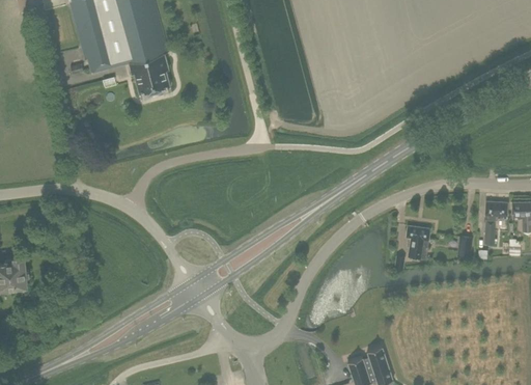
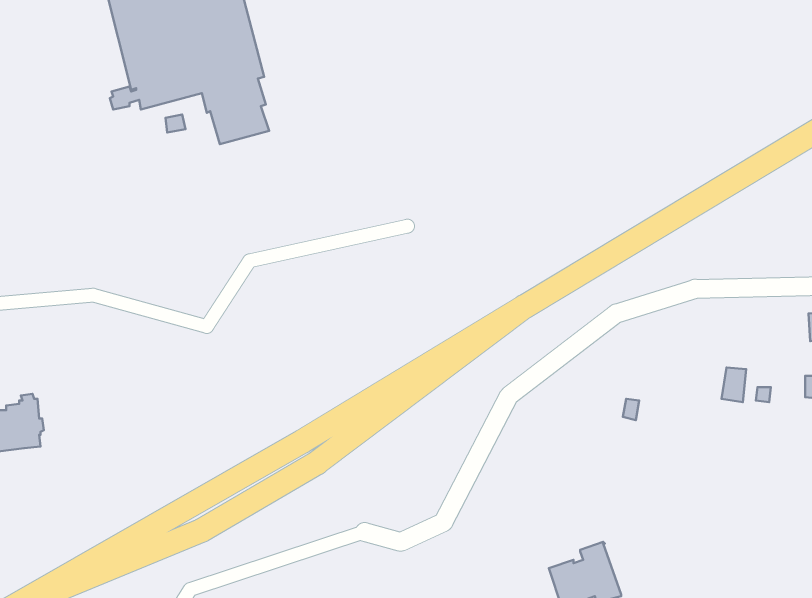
building: [484,201,507,244] -> none
building: [406,226,430,259] -> none

